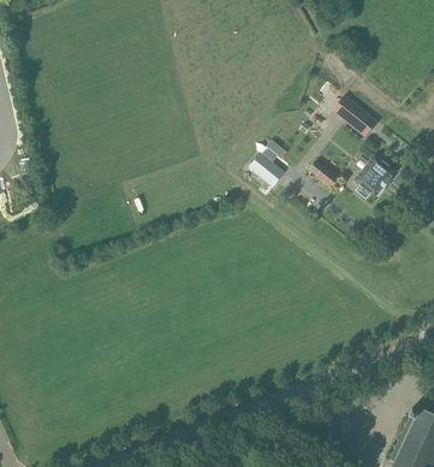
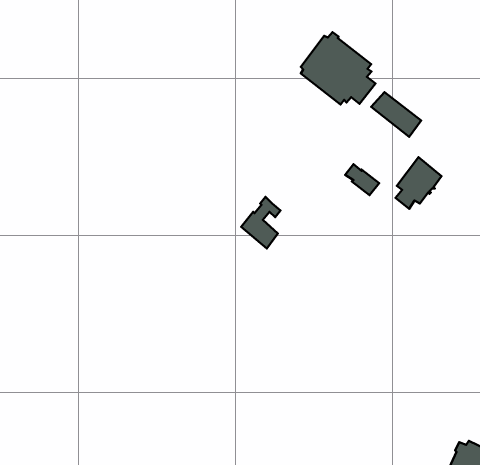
building: none -> [301,32,375,105]
building: [250,138,285,184] -> [241,197,280,248]

